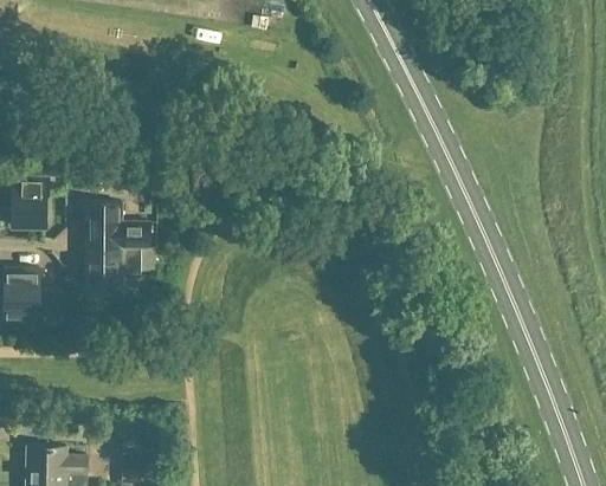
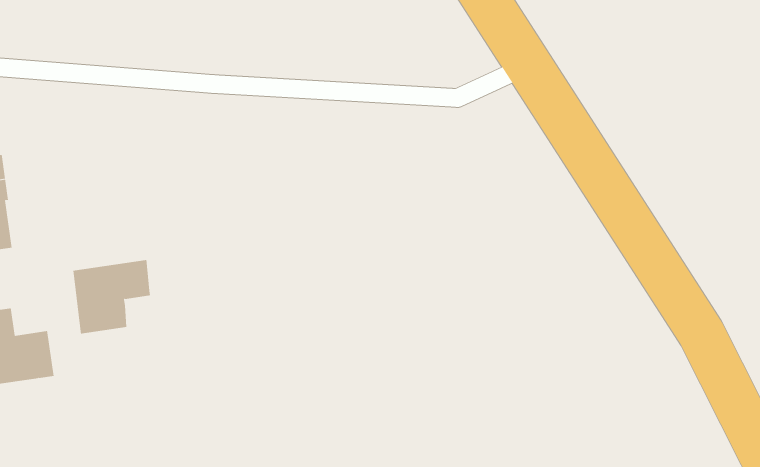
building: [86,202,150,250] -> none

